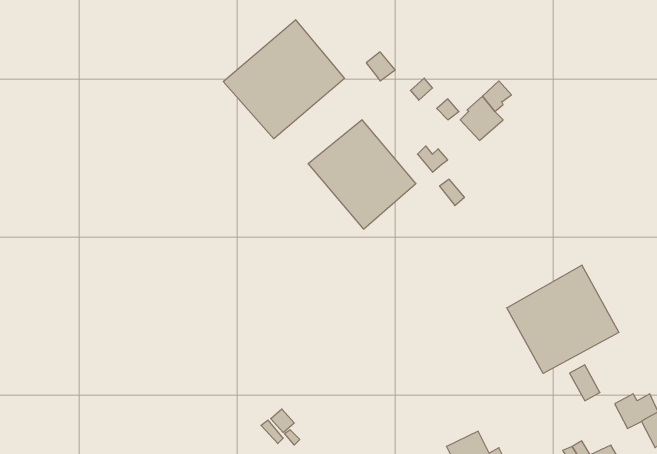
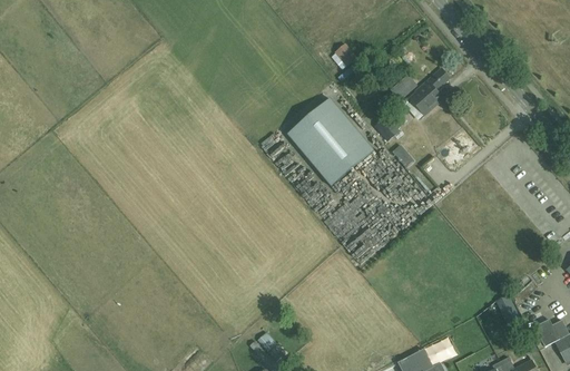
building: [223,20,344,139] -> none
building: [507,265,619,373] -> none

